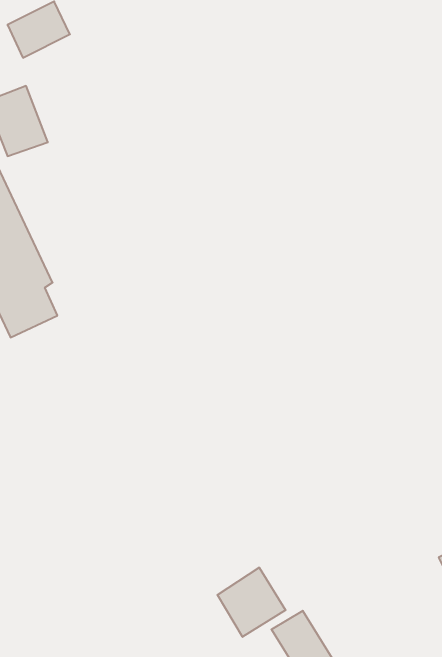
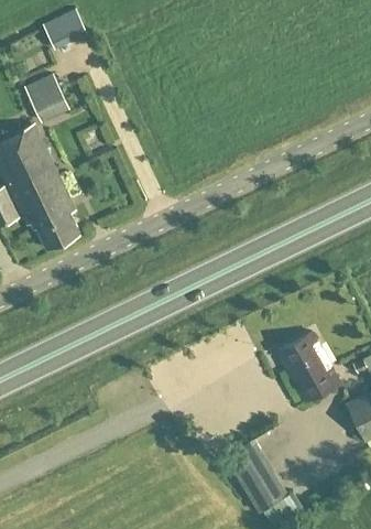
building: none -> [277,333,339,402]
building: [217,567,286,637] -> none

